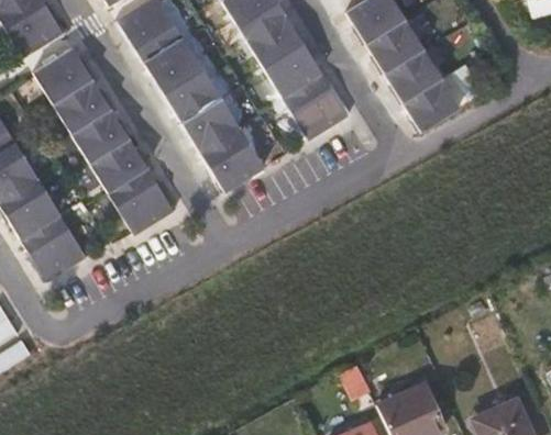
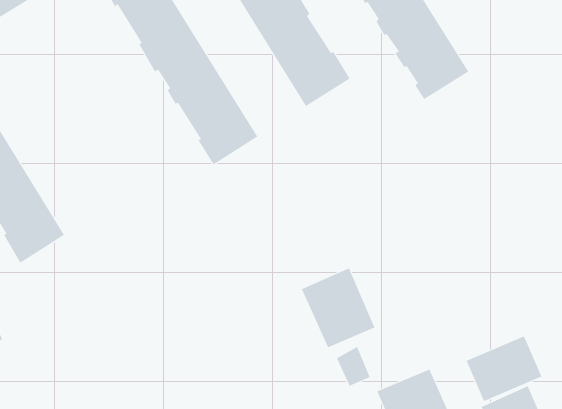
building: [34,46,177,235] -> none
building: none -> [301,268,375,348]
building: none -> [466,336,542,402]

